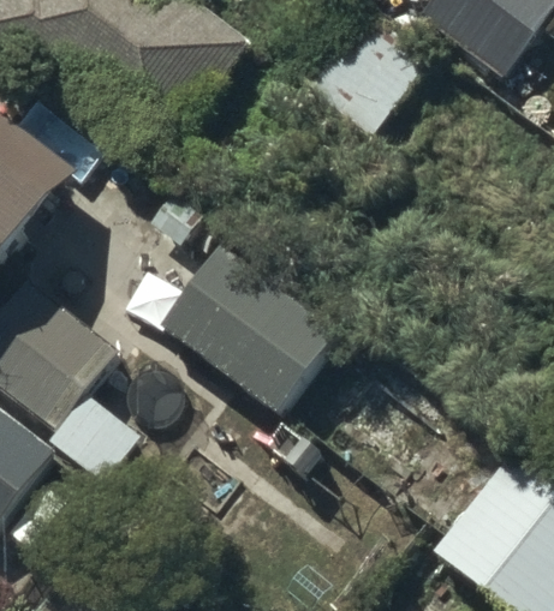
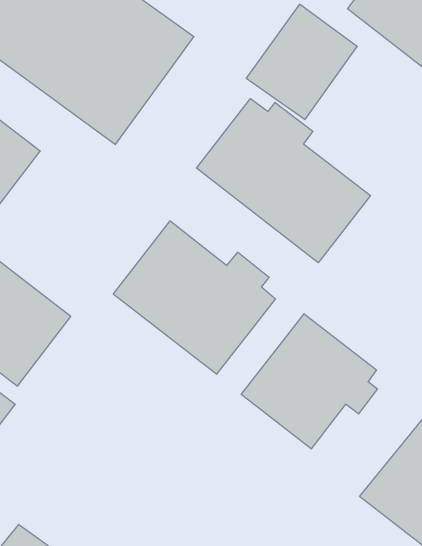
building: none -> [197,99,371,263]
building: none -> [241,314,378,449]

